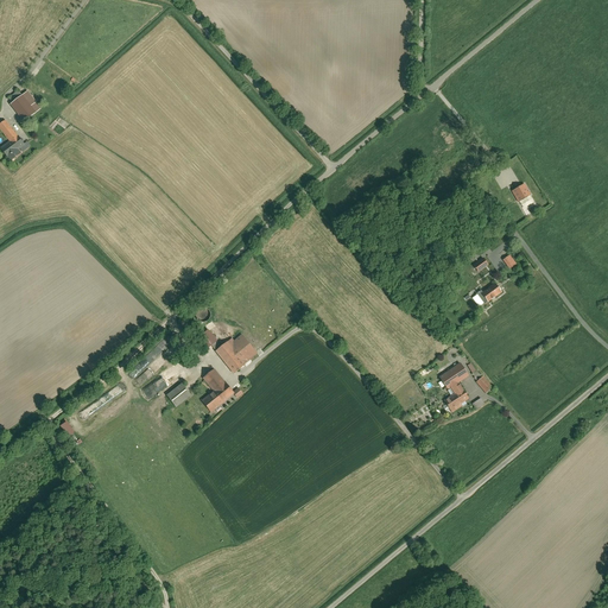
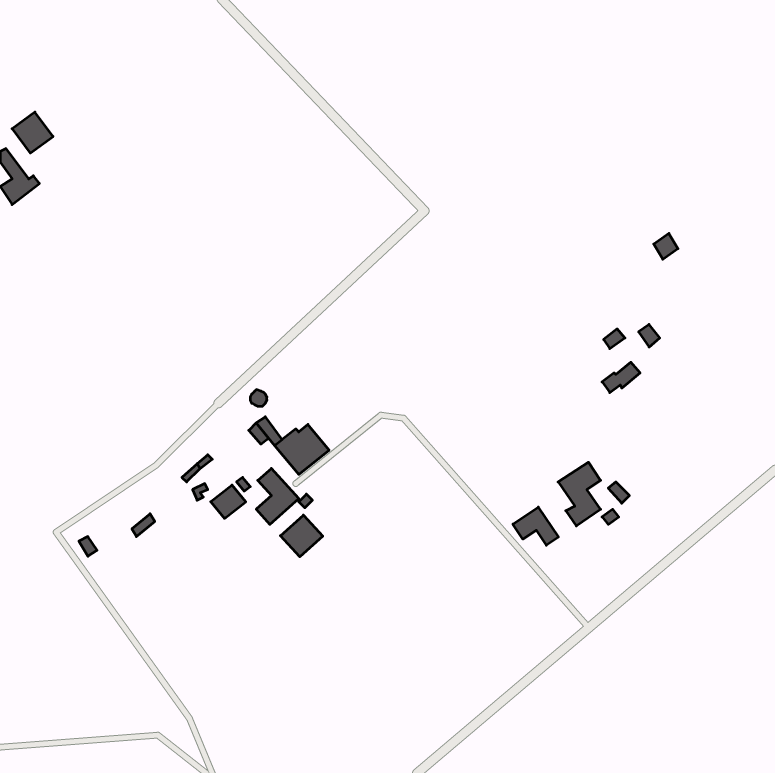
building: none -> [513,507,558,545]
building: none -> [280,515,323,557]

